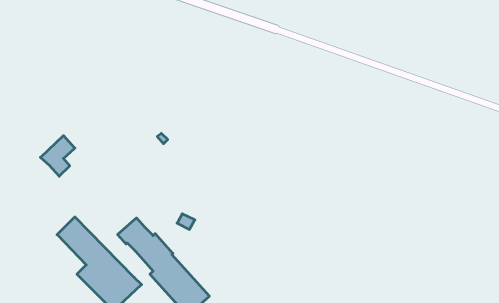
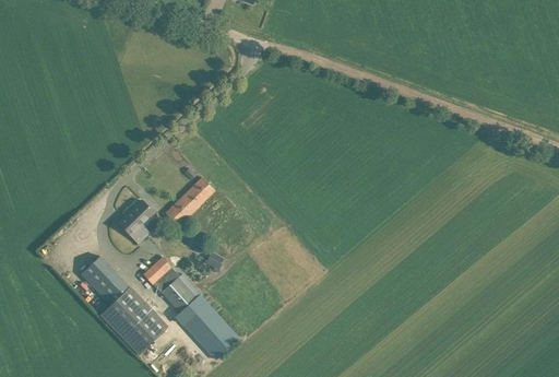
building: [40,136,75,176] -> [117,200,153,243]
building: none -> [164,177,214,226]

